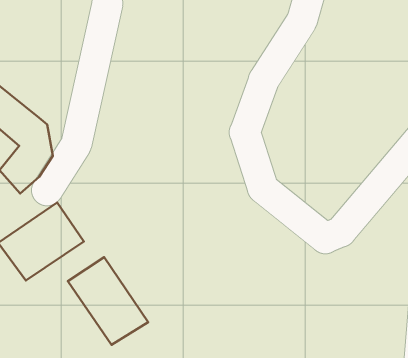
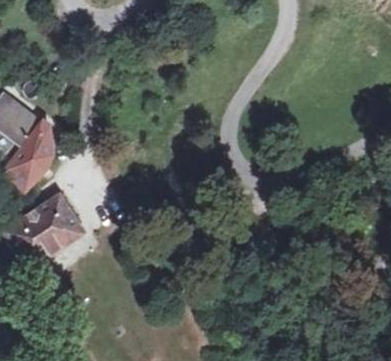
building: [68,257,148,345] -> none

